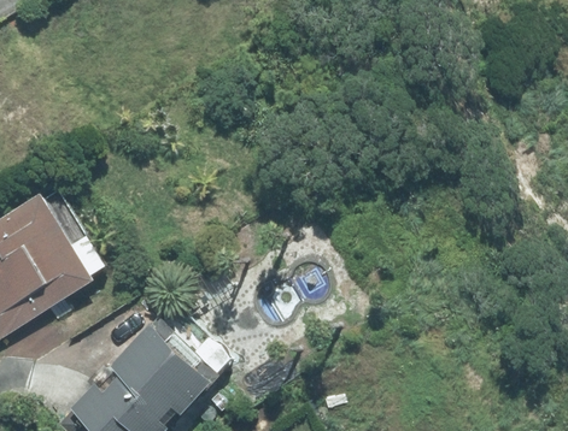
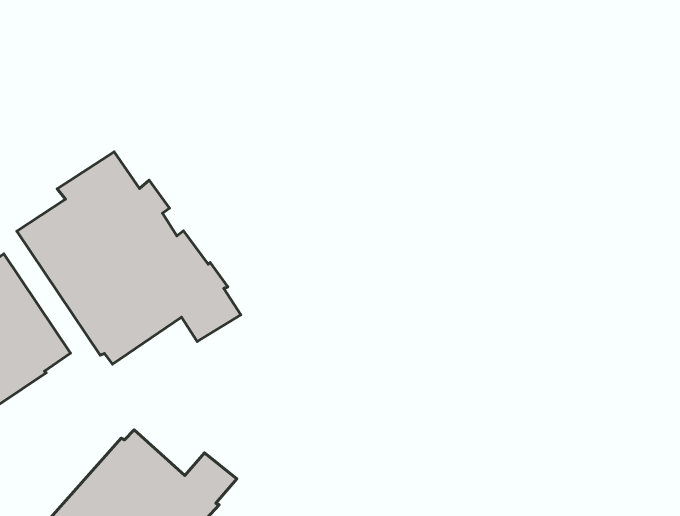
building: none -> [17,152,241,364]

